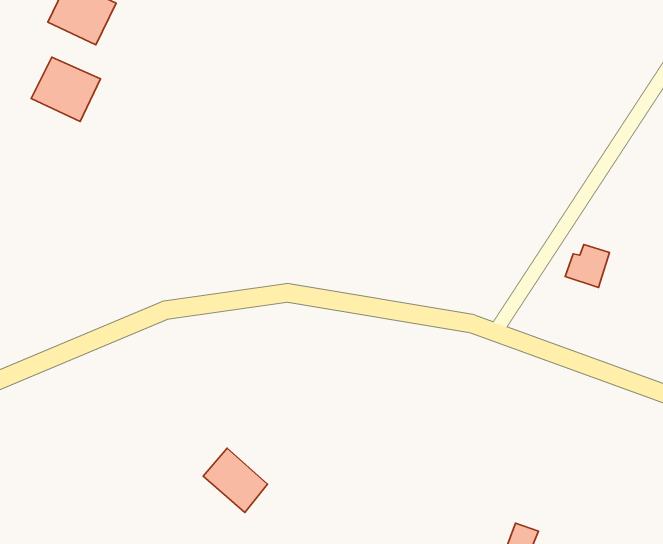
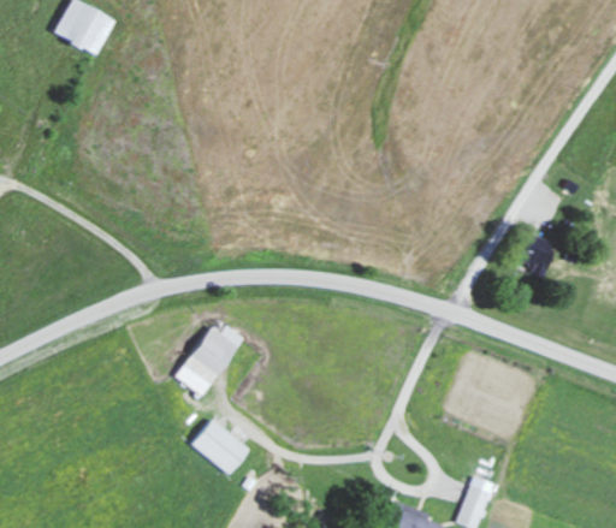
building: [31,57,100,121] -> none
building: none -> [176,316,243,396]

